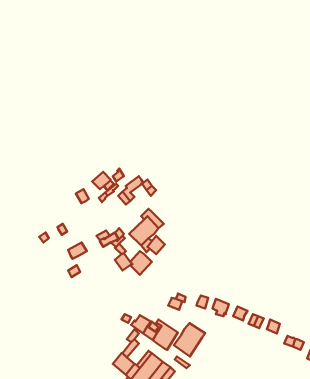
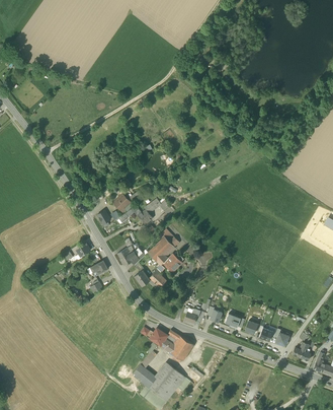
building: [174,323,205,357] -> none

